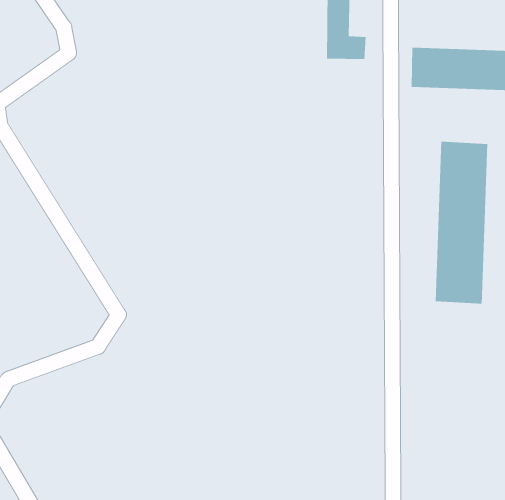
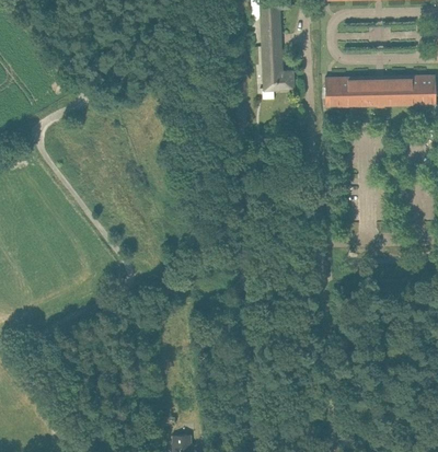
building: [435,141,488,304] -> none

